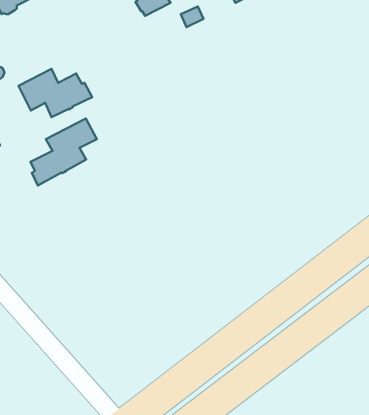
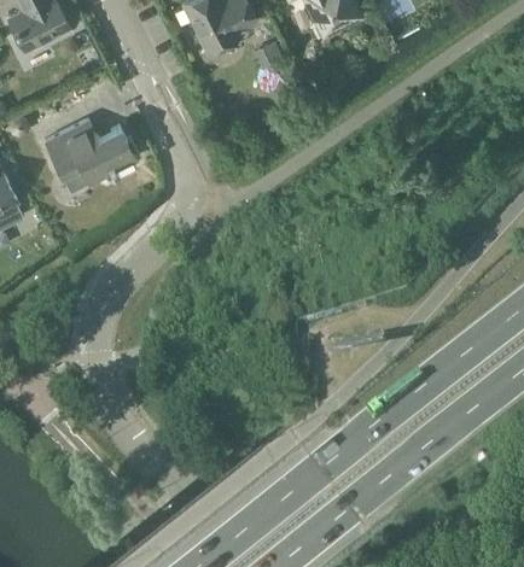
building: [31,118,97,185] -> none

